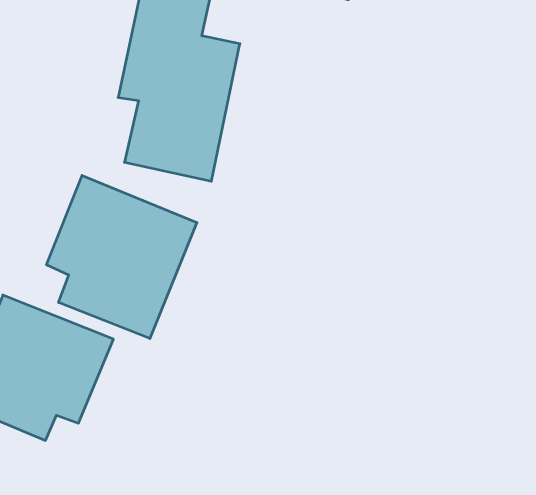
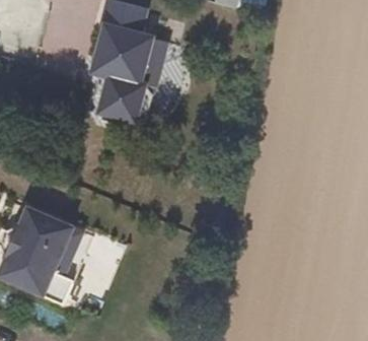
building: [47,175,197,339] -> none

